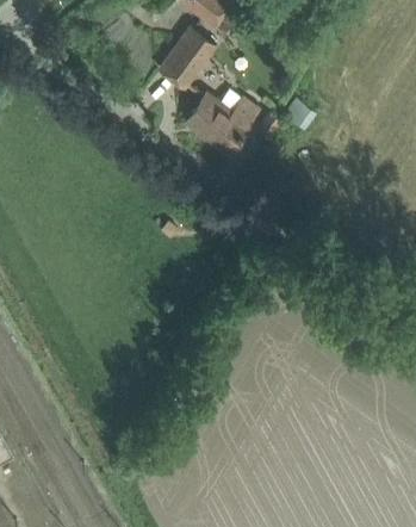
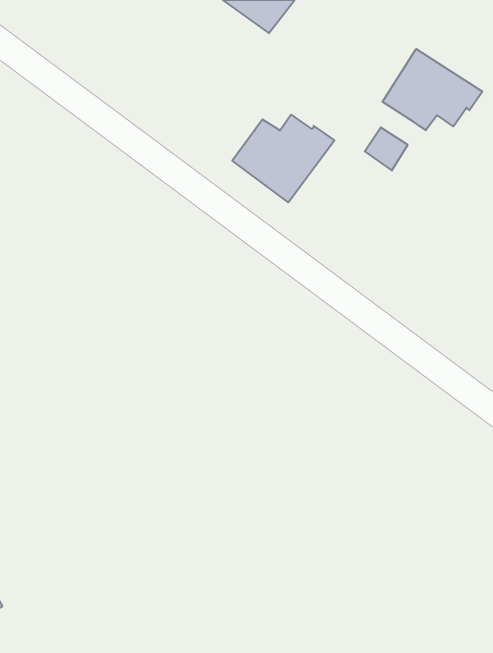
building: [160,29,215,88] -> none
building: none -> [382,49,482,130]

